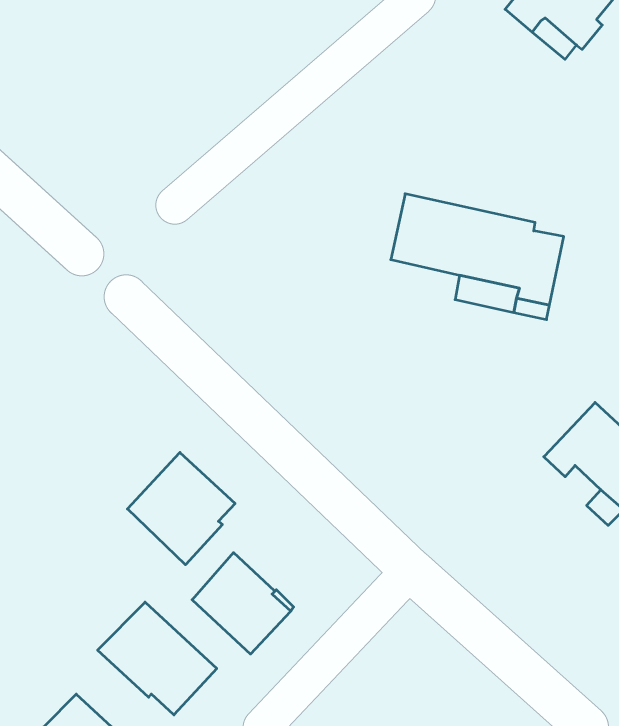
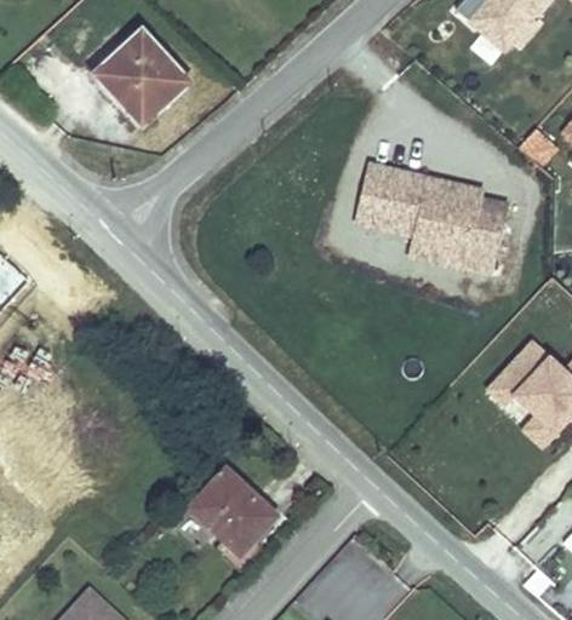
building: none -> [92,29,189,126]
building: [127,452,235,565] -> none
building: [98,602,217,715] -> none

